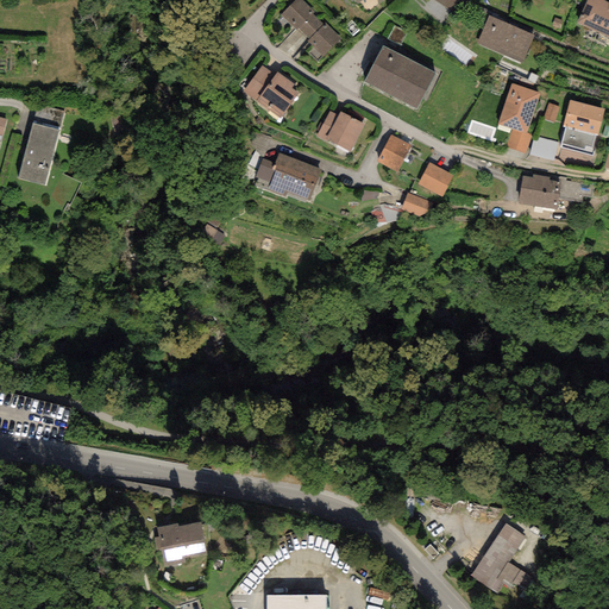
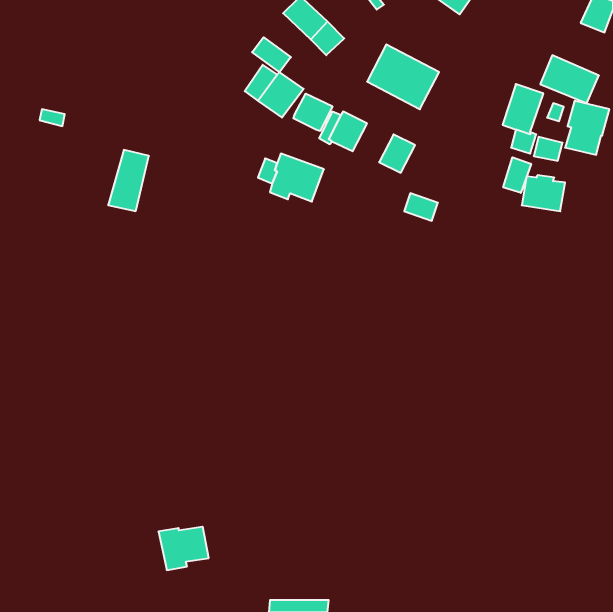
building: [476,13,534,61] -> [540,55,599,103]
building: none -> [252,37,291,72]
building: none -> [293,94,332,131]
building: [18,123,58,183] -> [108,150,149,211]
building: none -> [503,157,531,193]
building: [417,162,453,196] -> none
building: [463,522,529,594] -> none

